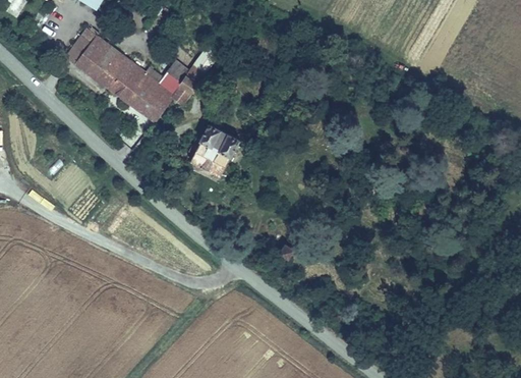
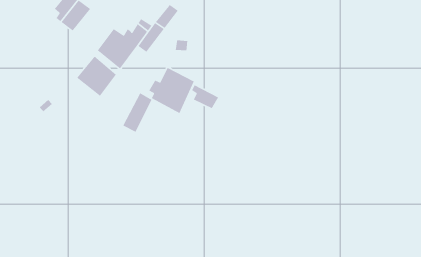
building: [92,48,141,99] -> [76,56,117,97]
building: none -> [191,84,219,109]
building: none -> [122,92,153,133]

